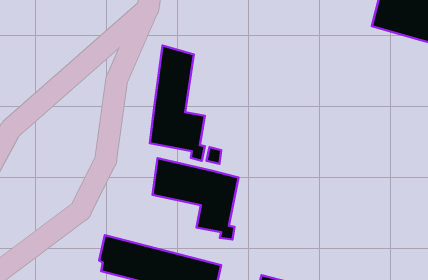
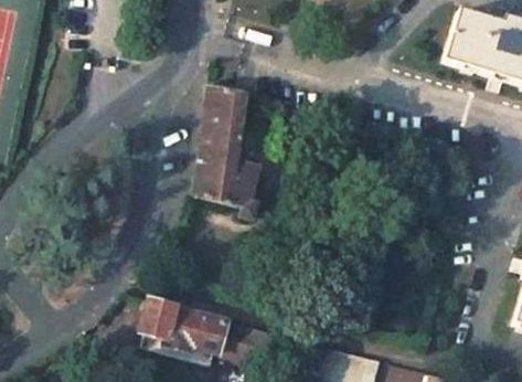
building: [152,158,239,240] -> none

